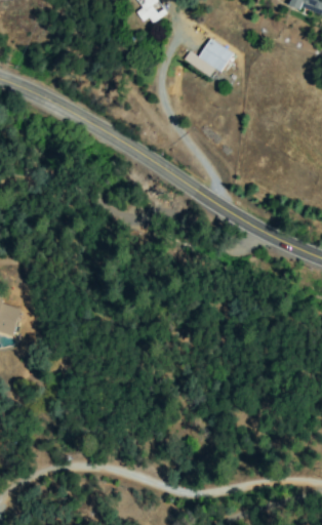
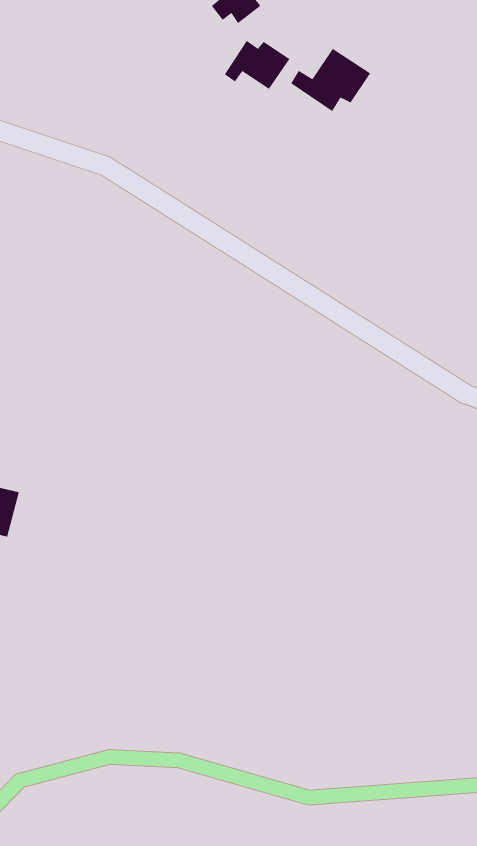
building: none -> [224,40,290,90]

